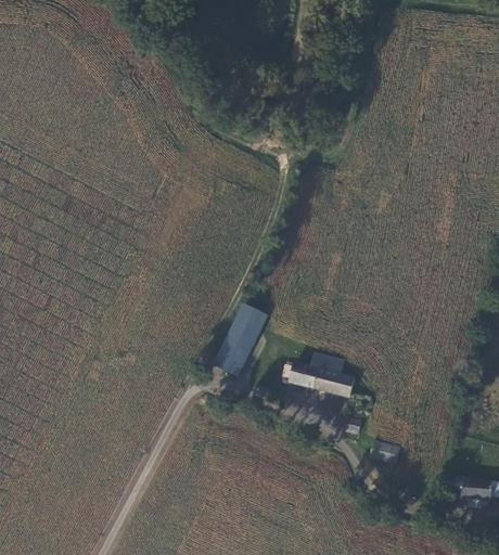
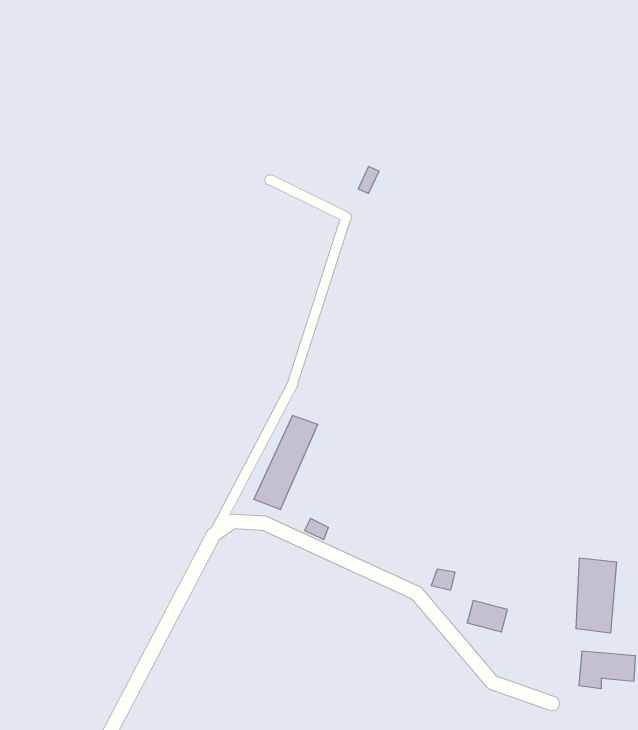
building: [289,354,354,397] -> none
building: none -> [576,558,616,633]

